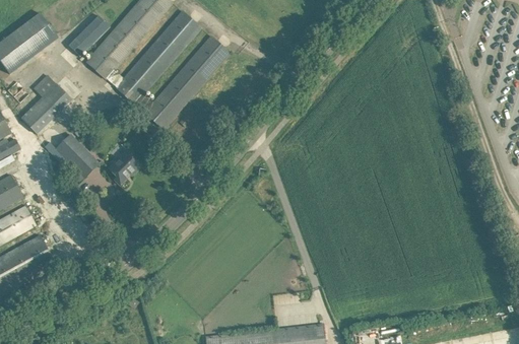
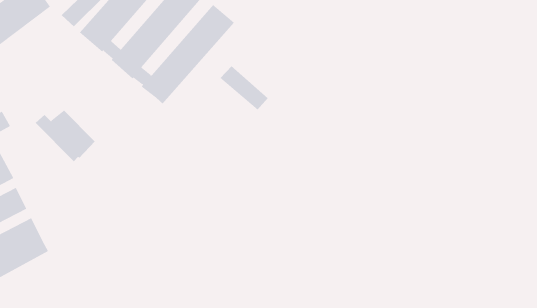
building: [19,75,72,135] -> none
building: none -> [219,66,269,111]
building: [108,149,142,185] -> none

